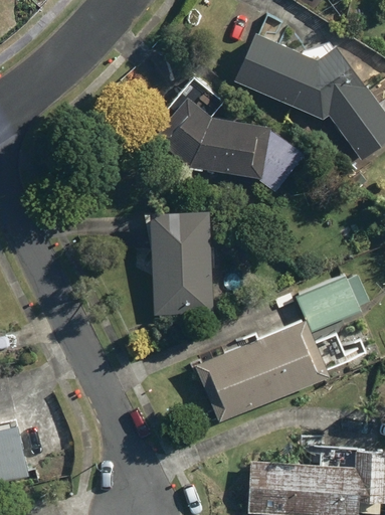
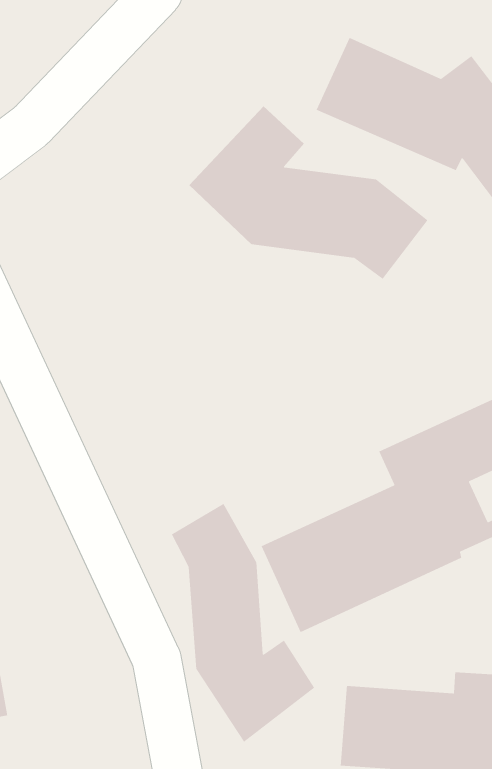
building: [149,206,213,317] -> none
building: none -> [171,503,315,743]

